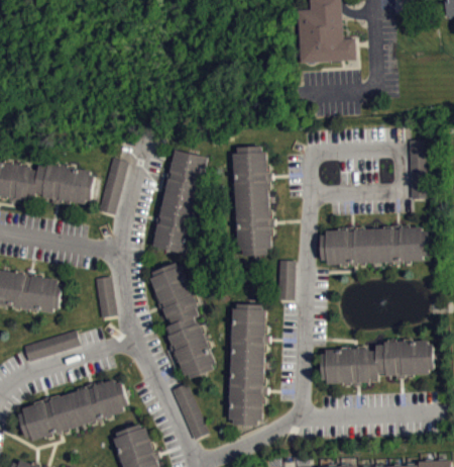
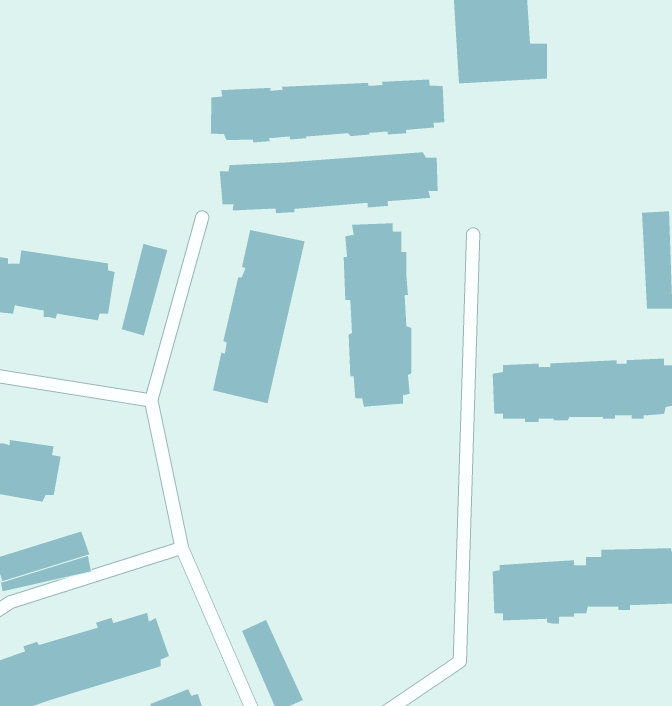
building: none -> [210,79,445,143]
building: none -> [219,152,438,214]
building: [277,259,294,299] -> none
building: [150,262,216,378] -> none
building: [94,276,116,316] -> none
building: [227,303,268,424] -> none

